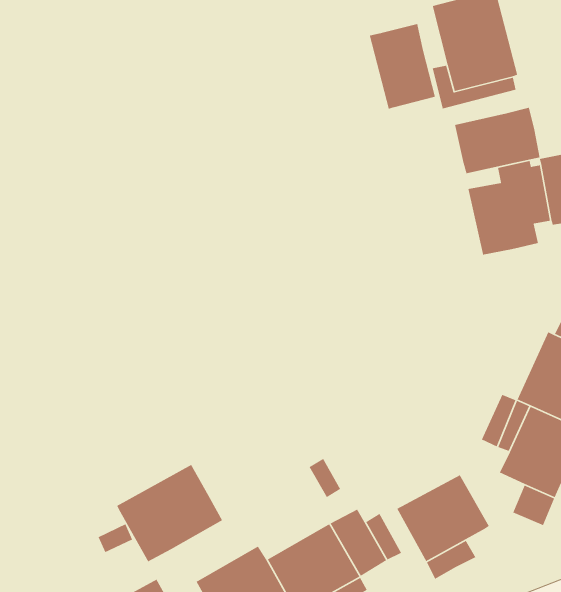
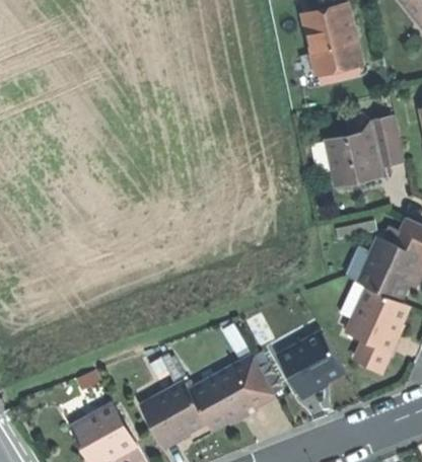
building: [369,23,436,110] -> none
building: [454,107,541,174] -> none
building: [116,464,223,562] -> none

